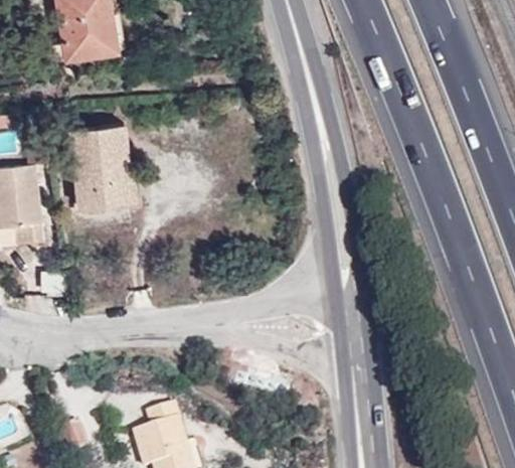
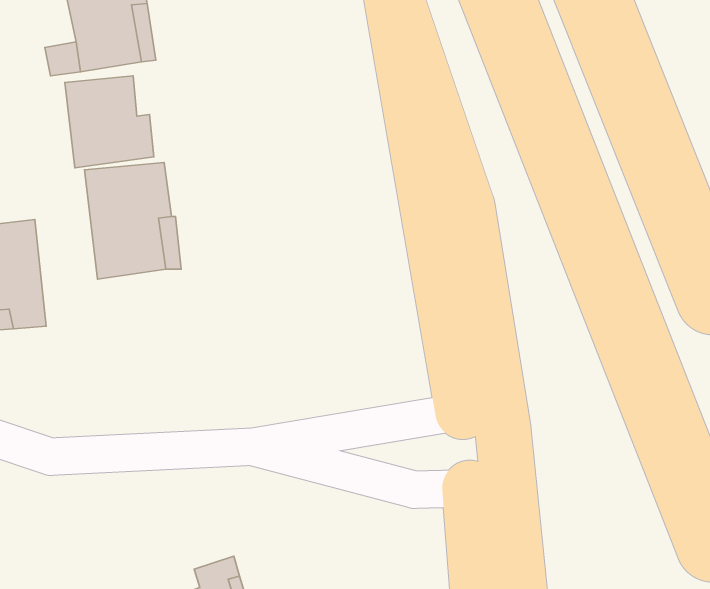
building: none -> [65,76,154,168]

